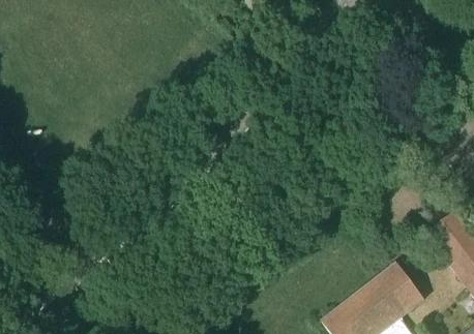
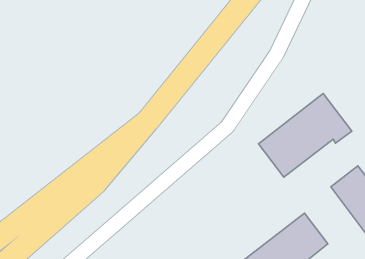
building: none -> [259,94,352,177]

